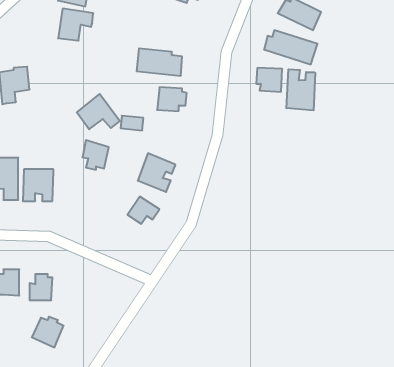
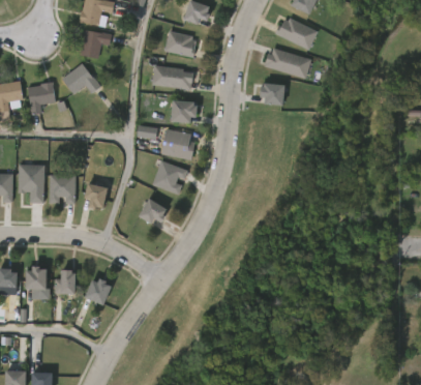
building: none -> [168,31,198,57]
building: [286,69,315,110] -> none
building: [77,94,120,129] -> [61,62,100,94]
building: none -> [163,129,198,161]
building: [82,140,109,170] -> [82,182,106,209]
building: [32,317,64,347] -> [82,278,111,306]

